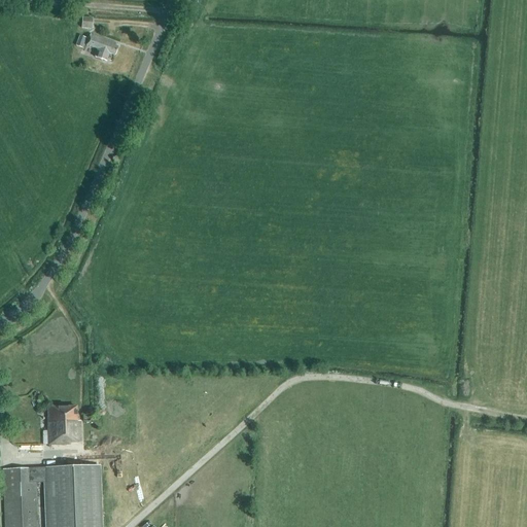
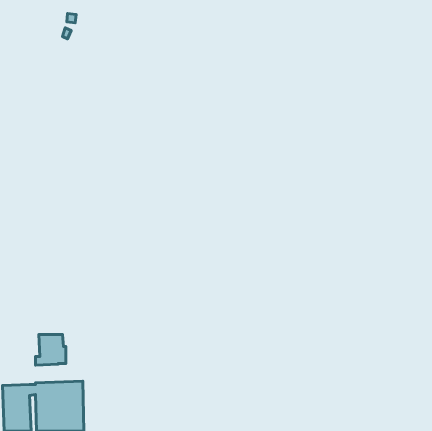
building: [87,34,118,62] -> none

